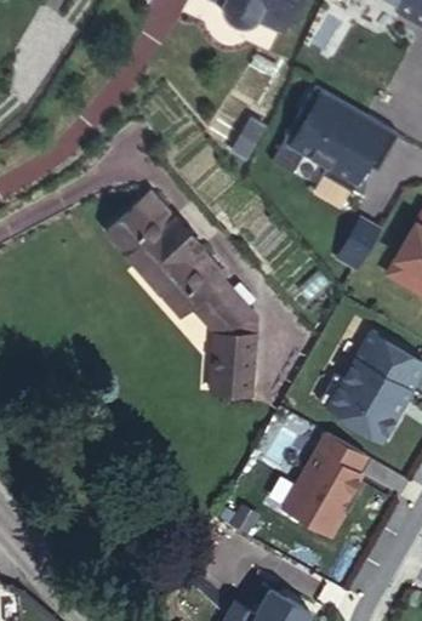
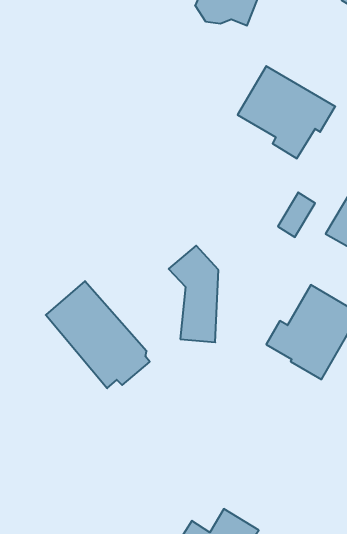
building: [116,198,235,320] -> [46,281,150,388]
building: [278,433,364,539] -> none

